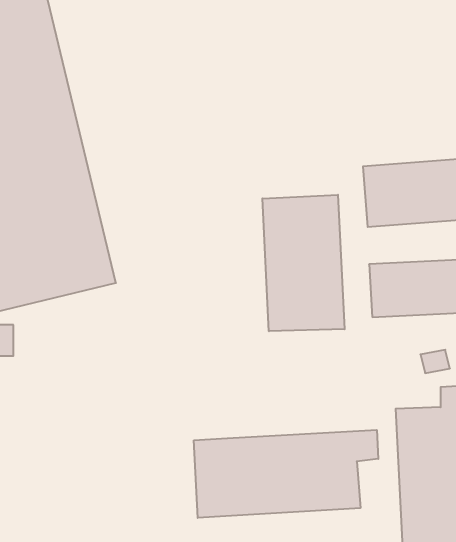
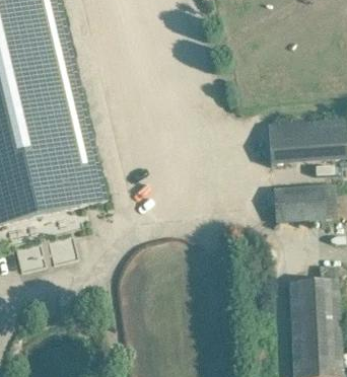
building: [262,195,345,331] -> none
building: [194,430,378,518] -> none

